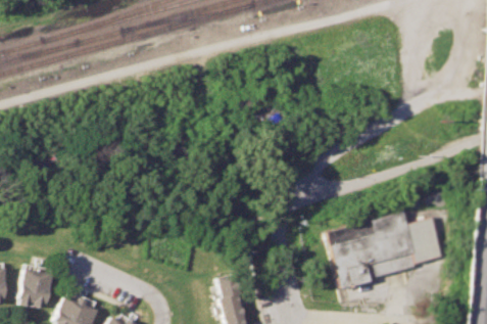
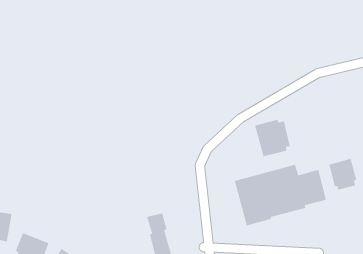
building: none -> [254,119,291,157]
building: none -> [328,158,357,190]

